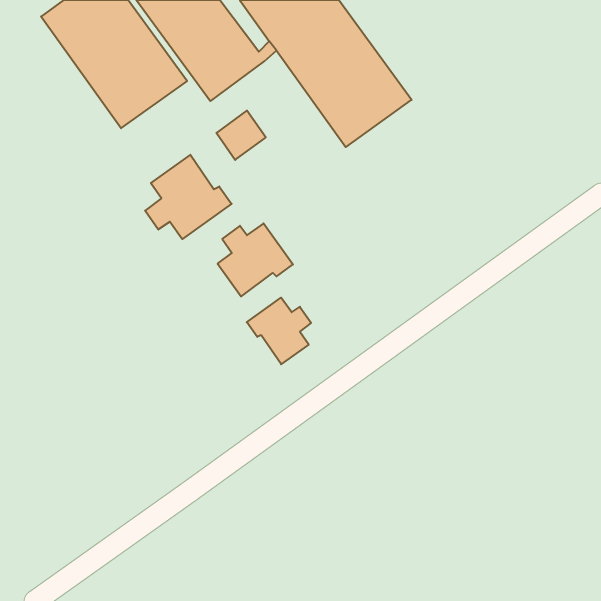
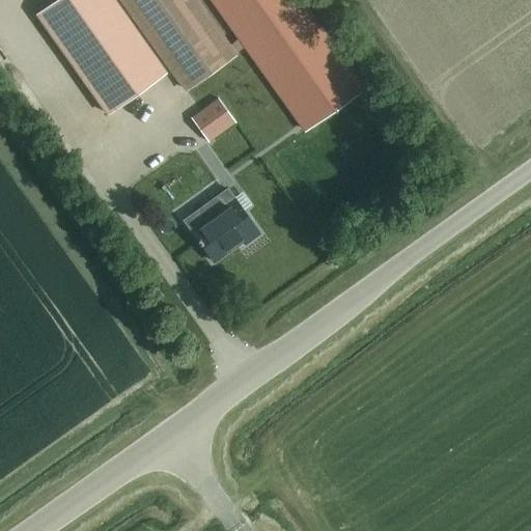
building: [145,155,232,239] -> none
building: [247,298,311,364] -> none

